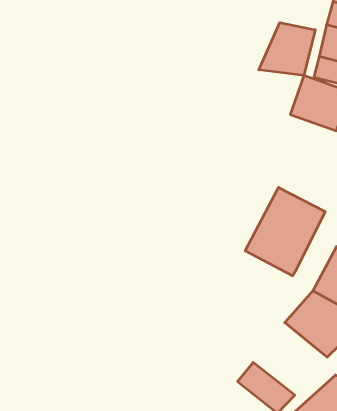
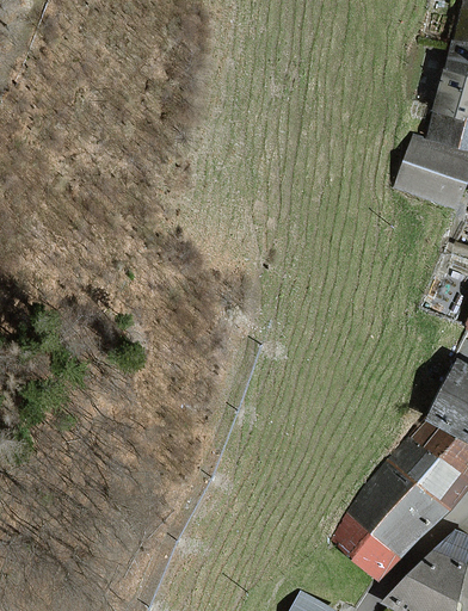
building: [259,23,315,76] -> none
building: [245,187,325,276] -> none
building: none -> [347,461,445,556]

